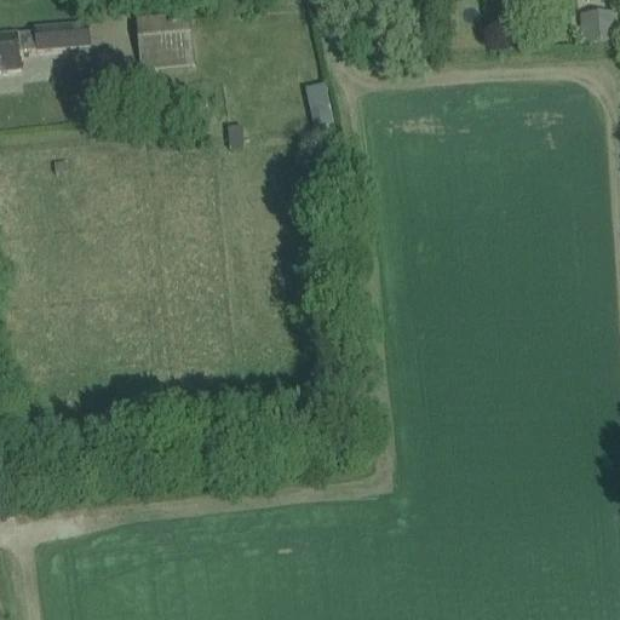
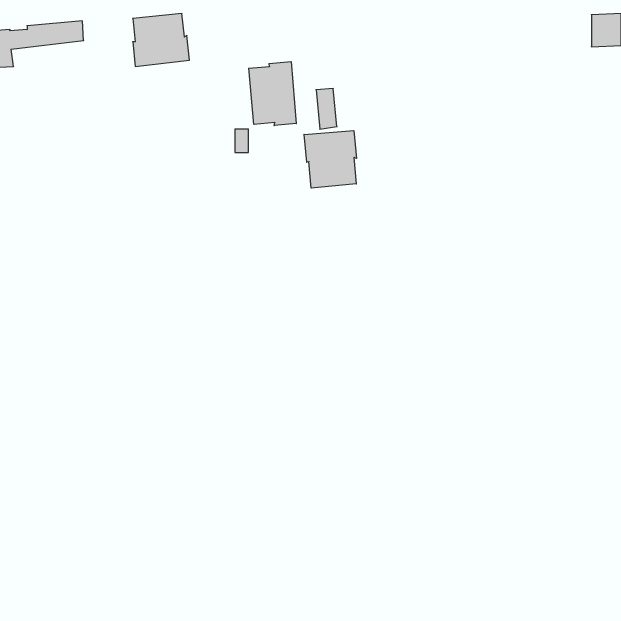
building: none -> [249,62,296,126]
building: none -> [304,131,356,188]

